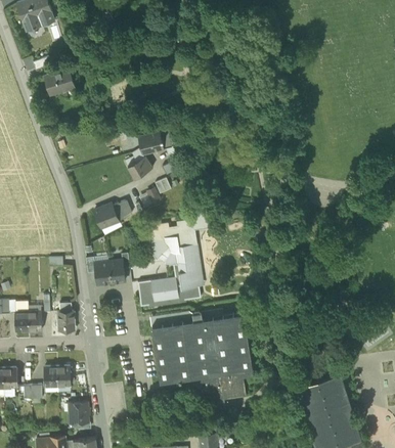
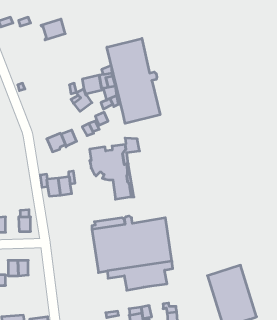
building: [44,70,75,96] -> [41,19,65,40]
building: none -> [107,38,160,123]
building: [138,265,201,307] -> none
building: [69,403,88,424] -> none

